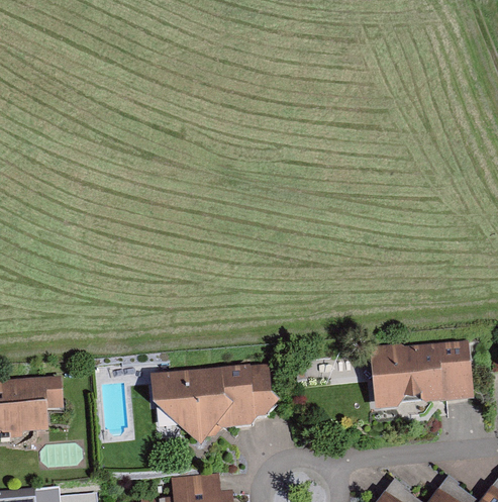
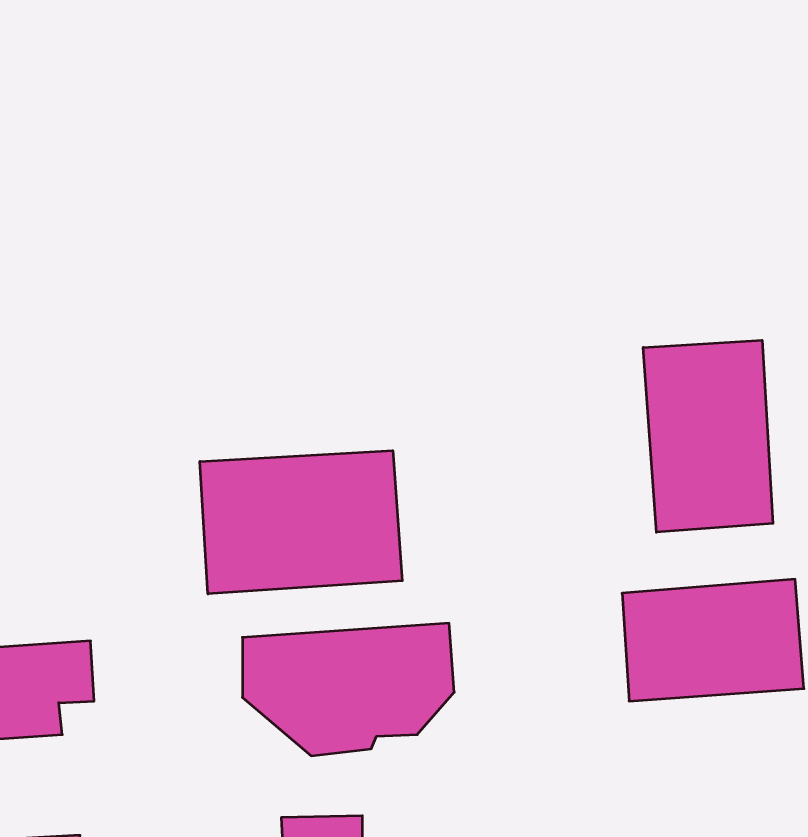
building: none -> [643,340,773,532]
building: none -> [200,451,402,594]

